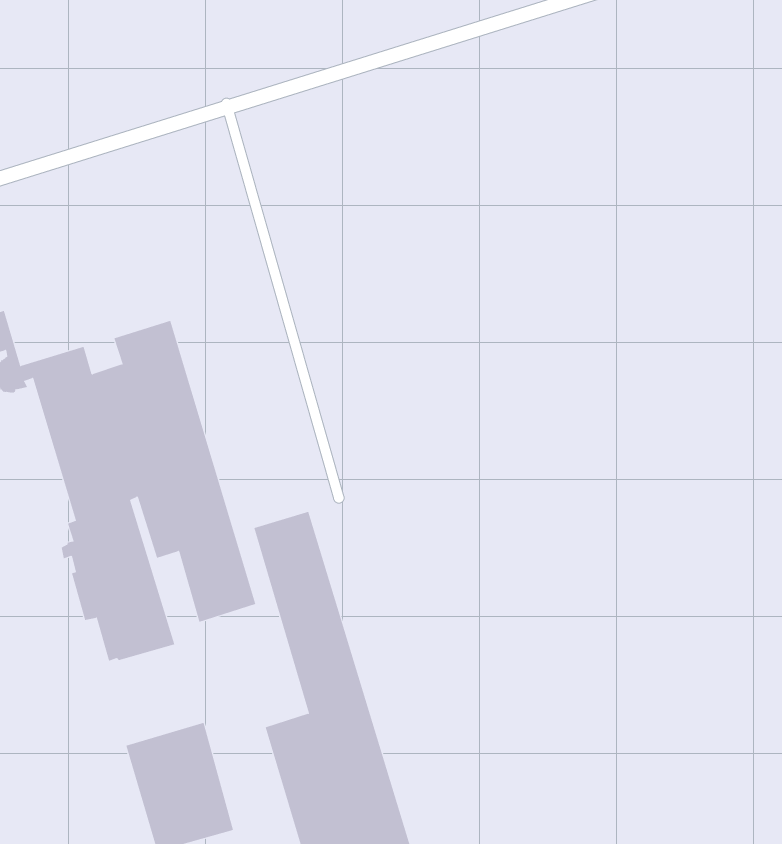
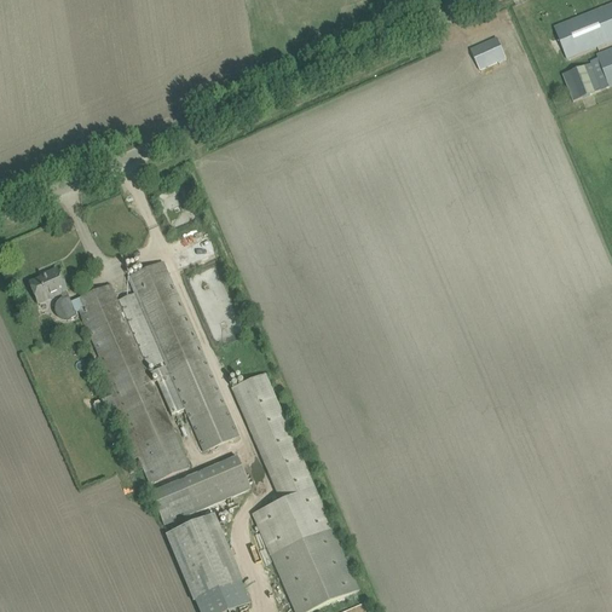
building: none -> [470,36,506,68]
building: none -> [150,456,250,524]

